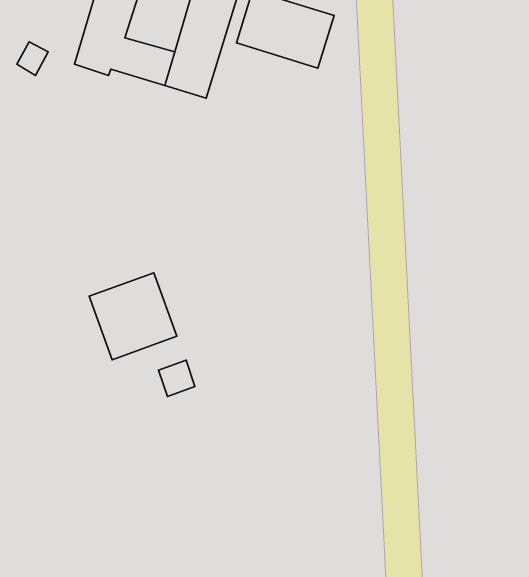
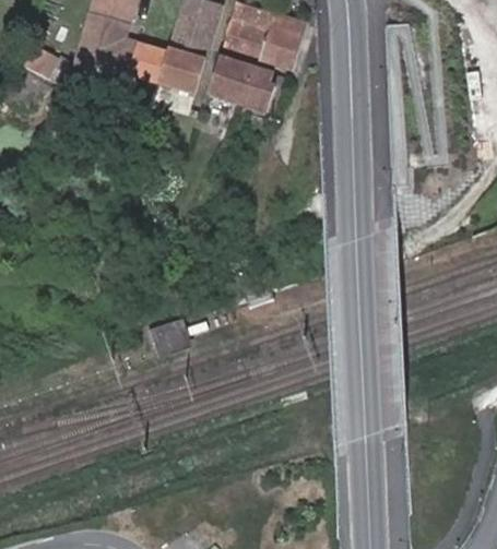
building: none -> [206,56,286,112]
building: [89,273,177,360] -> none

